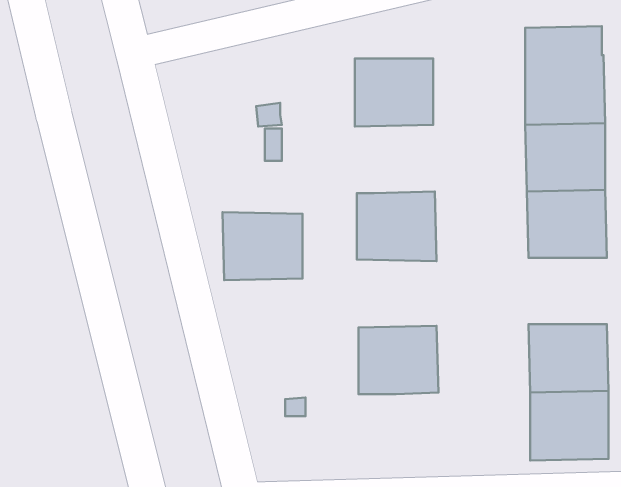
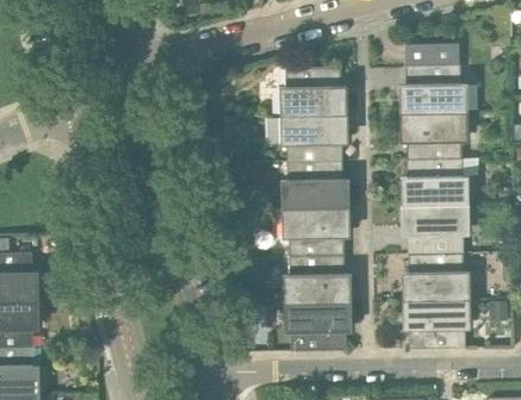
building: none -> [287,112,343,160]
building: [222,212,302,280] -> [289,206,345,254]
building: none -> [409,205,464,251]
building: none -> [290,299,346,348]

